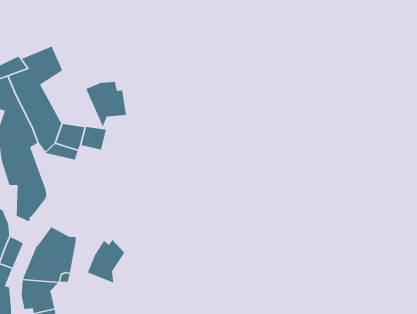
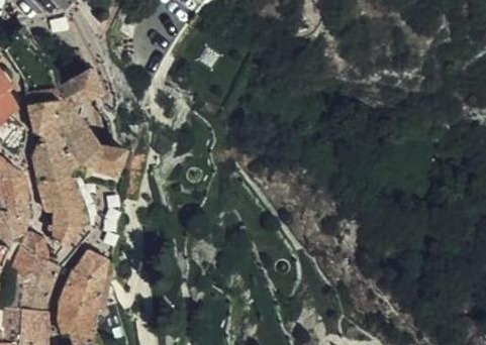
building: [85,81,127,129] -> none
building: [87,239,125,284] -> none

